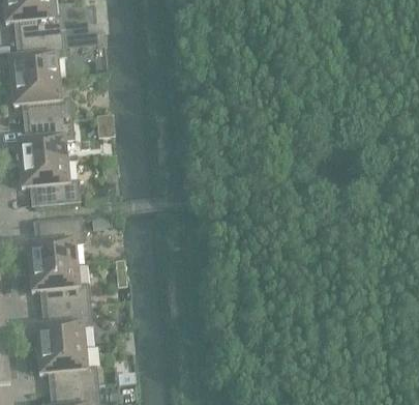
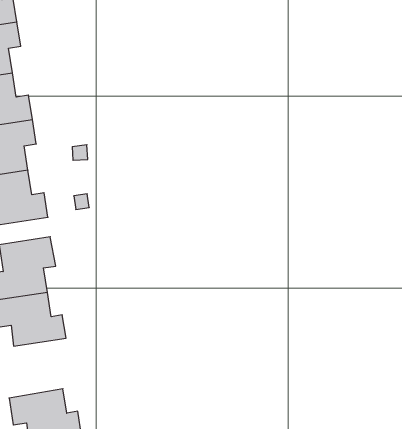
building: [33,308,88,355] -> none

